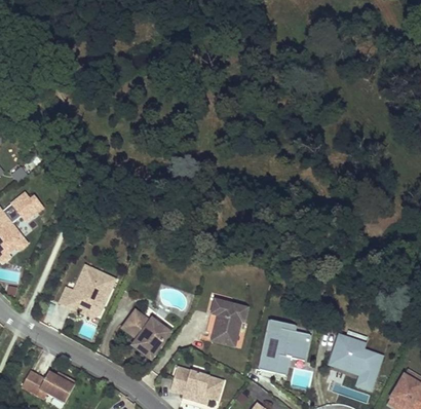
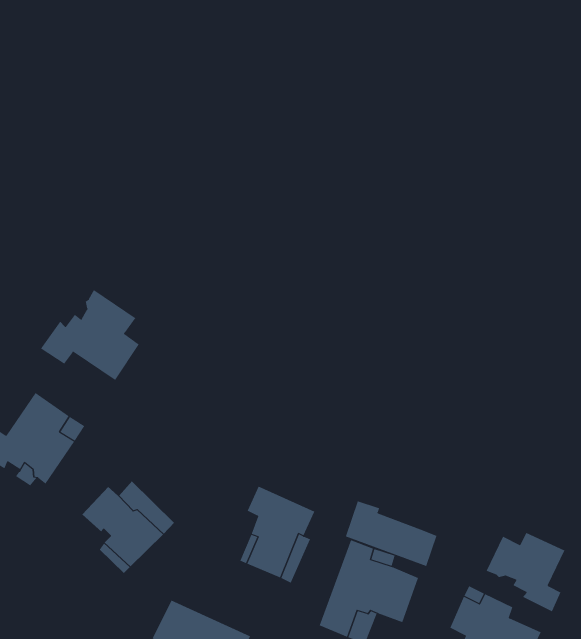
building: none -> [40,289,139,381]
building: none -> [345,500,437,567]
building: none -> [486,532,565,612]

